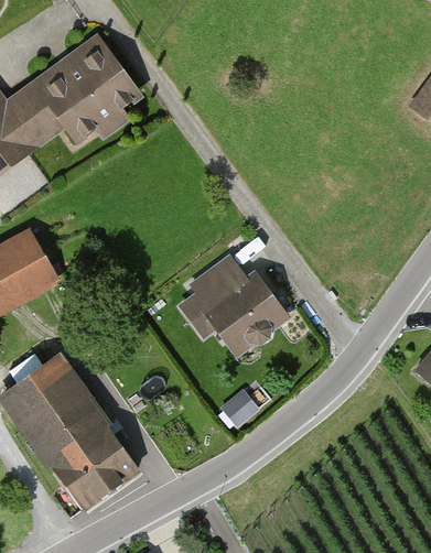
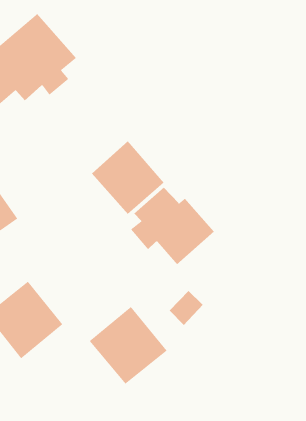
building: none -> [91,140,165,215]
building: [42,410,134,502] -> [89,306,168,385]

